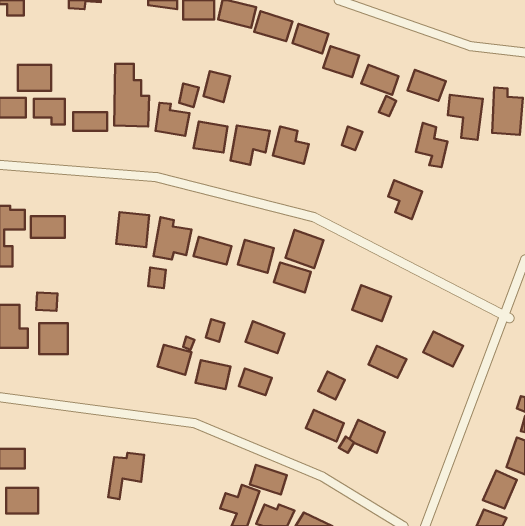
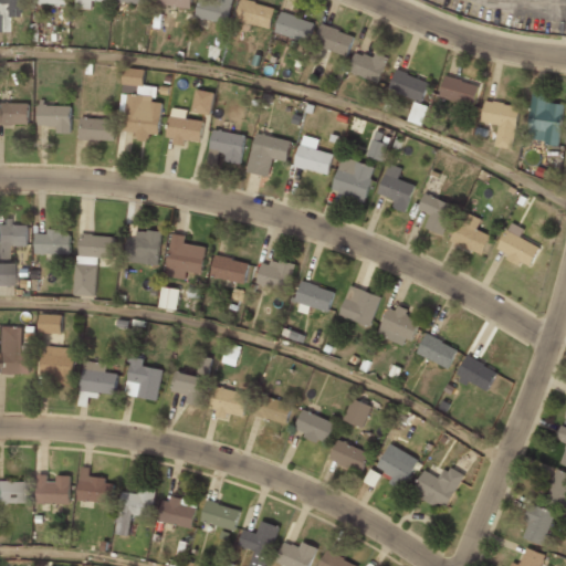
building: [18,65,51,91] -> none
building: [203,71,230,102] -> none
building: [416,123,448,167] -> [378,165,412,212]
building: none -> [331,158,374,202]
building: none -> [450,211,489,254]
building: none -> [495,222,539,269]
building: none -> [75,235,115,296]
building: [285,230,323,268] -> [338,286,379,327]
building: [245,321,285,353] -> [293,410,335,444]
building: none -> [78,360,117,397]
building: none -> [124,360,163,400]
building: [369,346,407,378] -> [416,335,457,369]
building: none -> [77,467,114,503]
building: none -> [411,467,462,510]
building: none -> [164,496,196,527]
building: [250,465,287,495] -> [200,500,240,532]
building: [6,488,38,514] -> [35,475,70,503]

